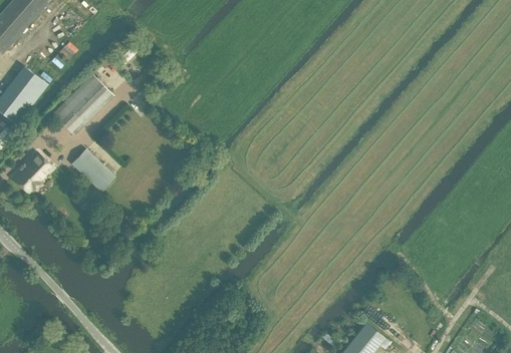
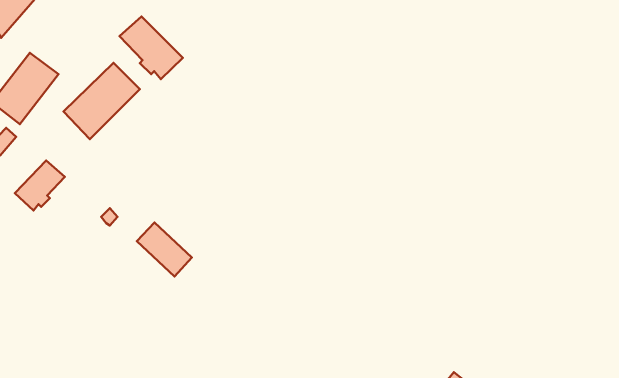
building: none -> [120,17,183,79]
building: [70,148,114,192] -> [137,223,192,276]

